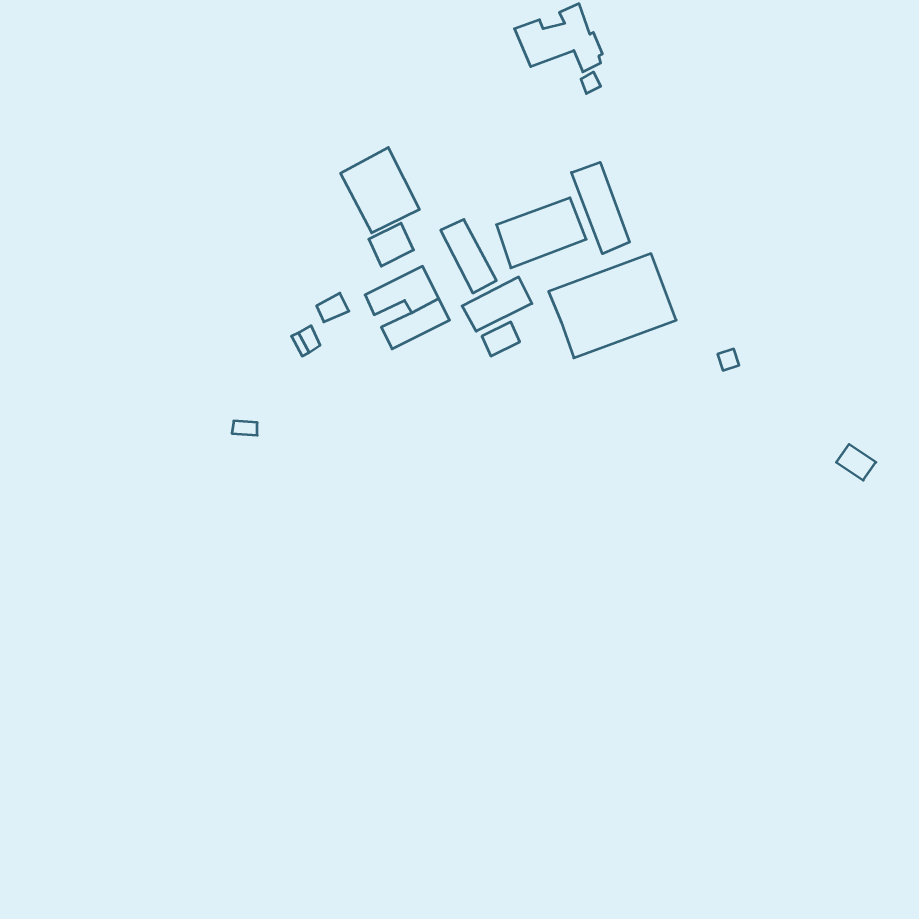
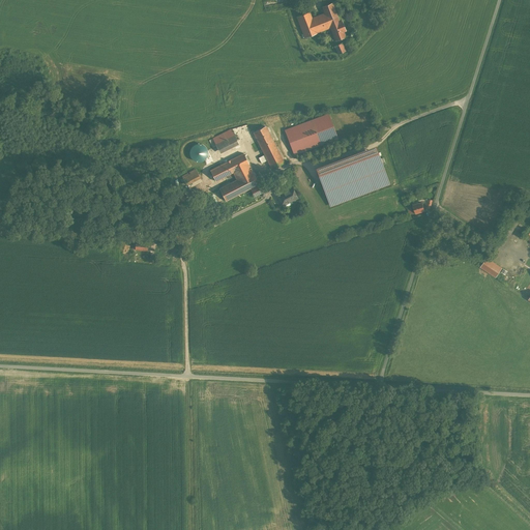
building: [341,147,419,233] -> none
building: [571,162,630,254] -> none
building: [462,277,532,331] -> none

